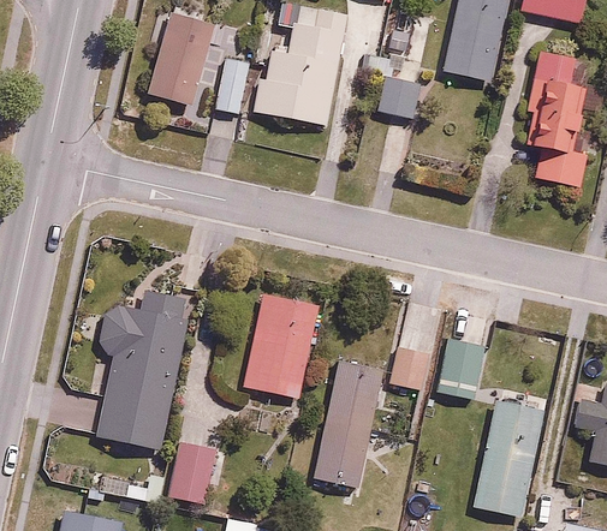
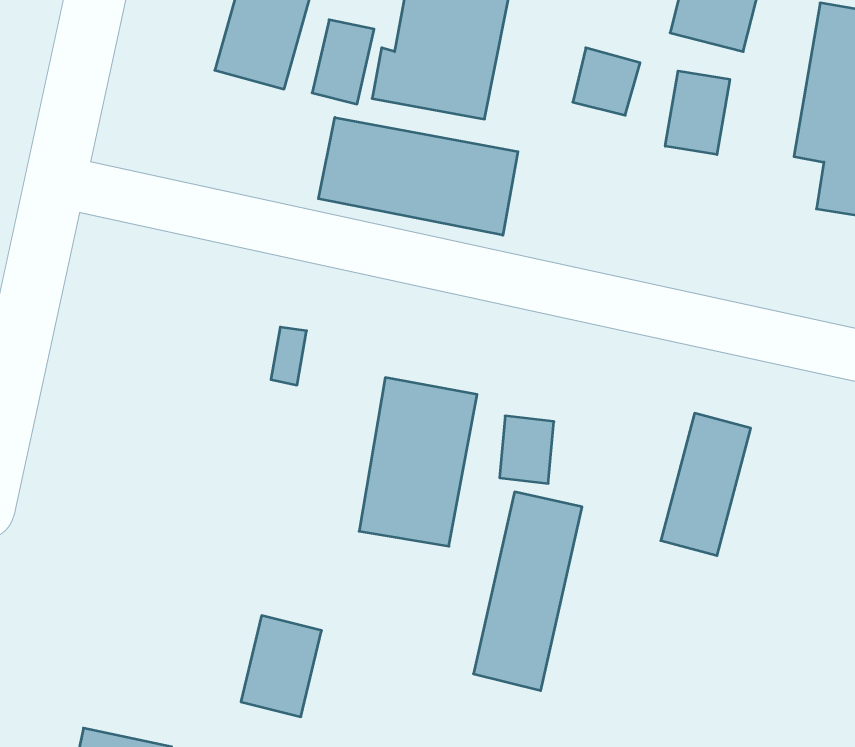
building: none -> [665,71,730,155]
building: none -> [318,117,518,235]
building: [97,285,195,449] -> none
building: [391,345,426,388] -> [500,416,554,483]
building: [477,398,546,514] -> none

